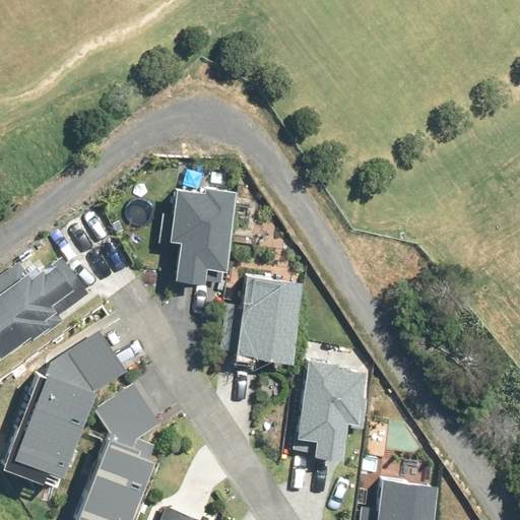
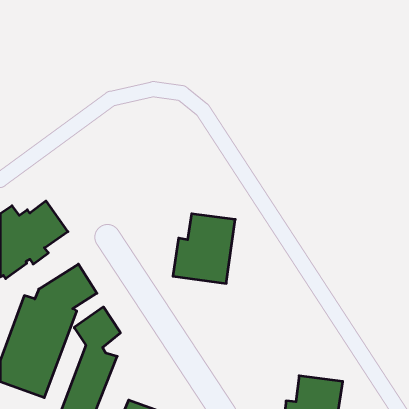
building: [160,186,235,283] -> none
building: [297,360,369,460] -> none

